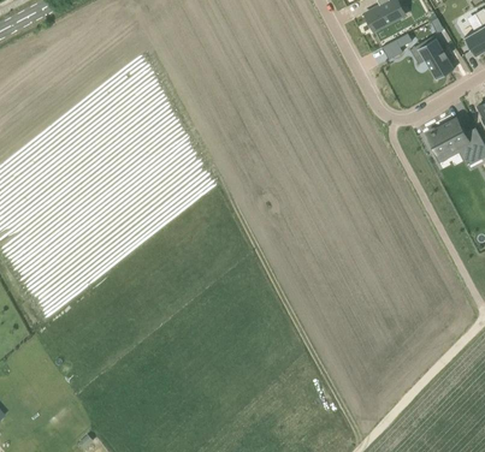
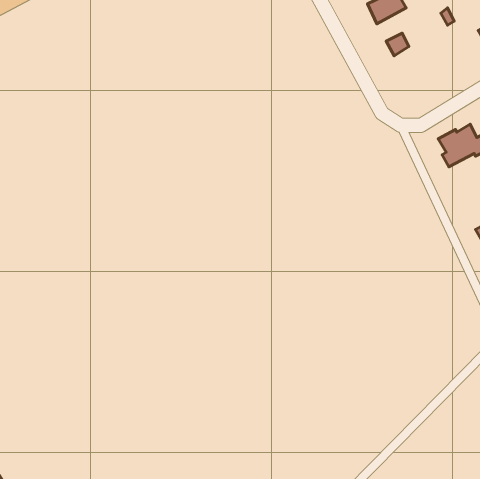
building: [419,37,454,81] -> none

